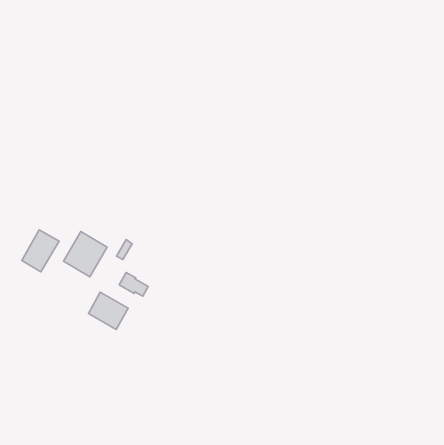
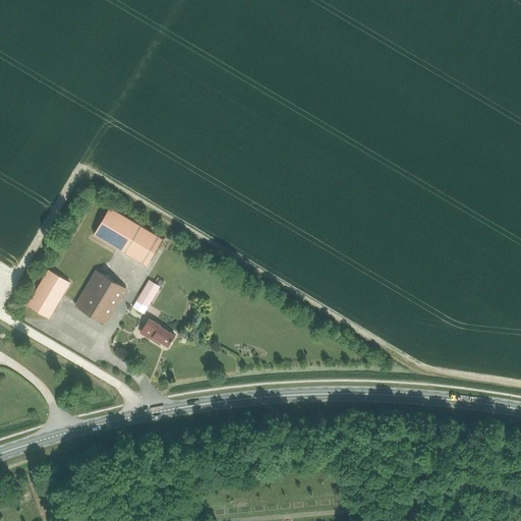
building: none -> [93,208,162,266]
building: [88,292,128,329] -> none

